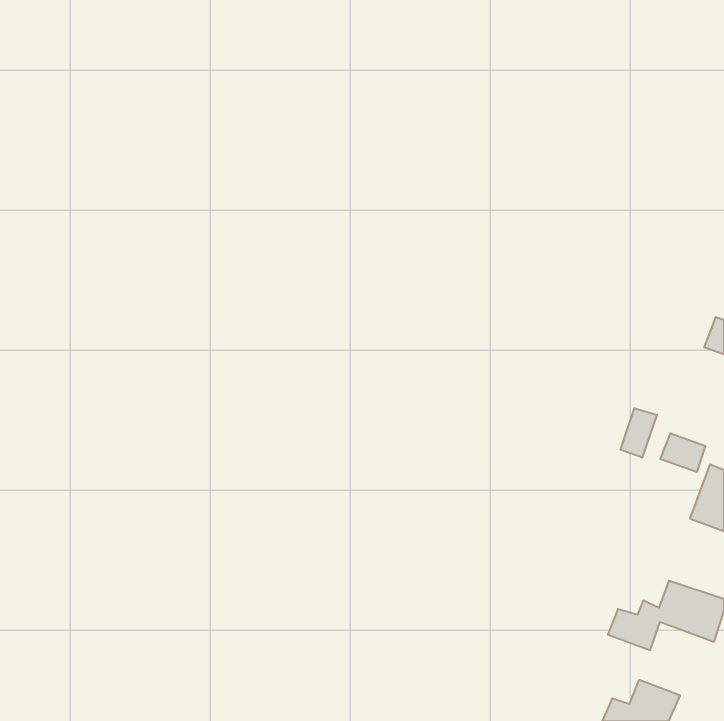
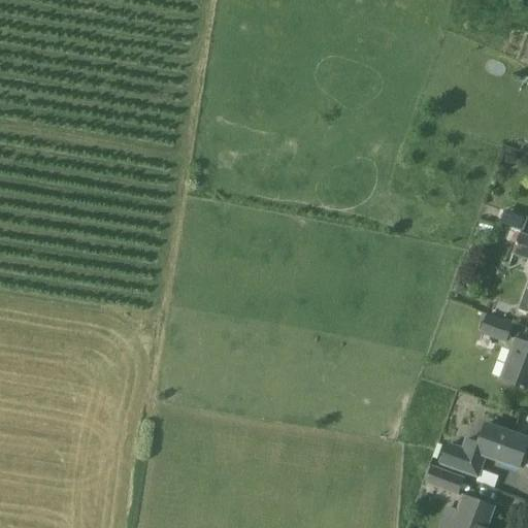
building: [621,408,657,458] -> none
building: none -> [426,464,466,495]

